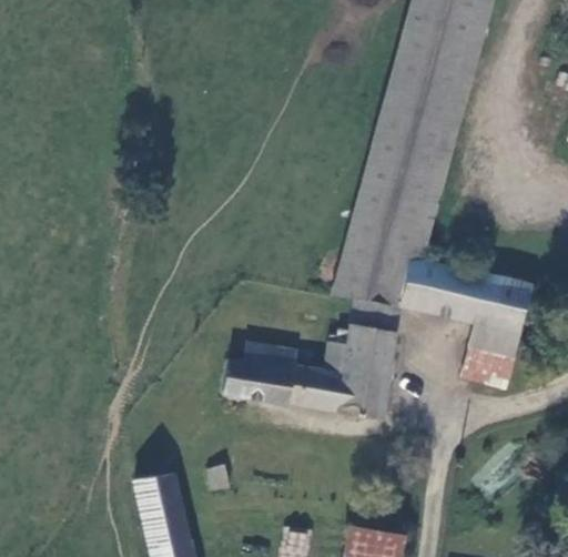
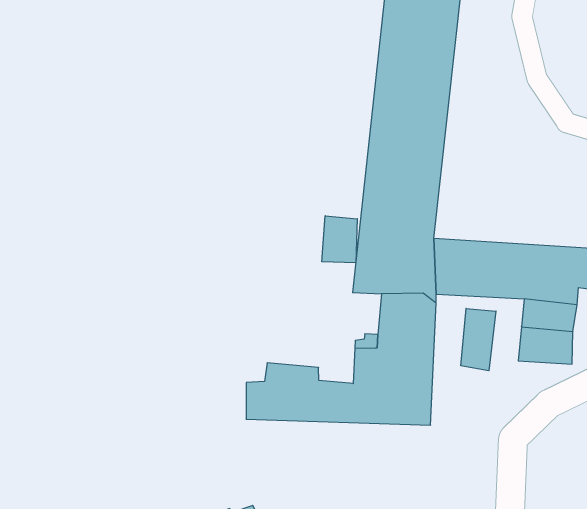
building: none -> [322,216,357,263]
building: none -> [461,308,496,371]

